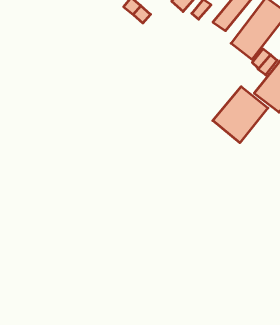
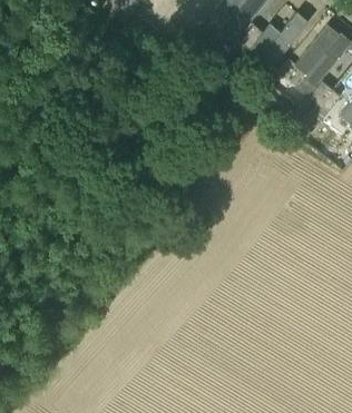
building: [213,87,268,143] -> none

